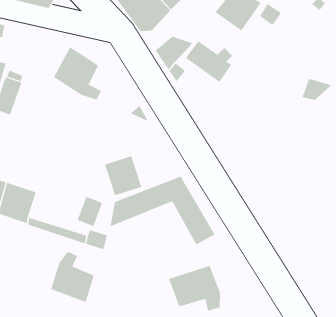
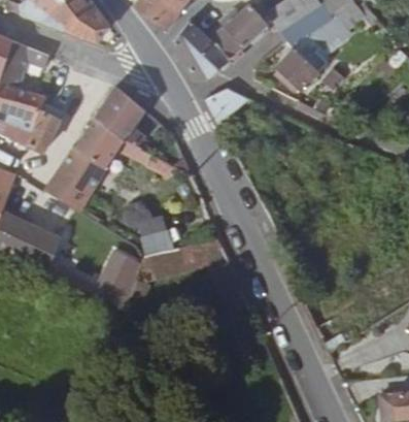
building: [186,41,233,83] -> none
building: none -> [43,117,151,212]
building: [50,251,95,303] -> none
building: [168,265,220,312] -> none

